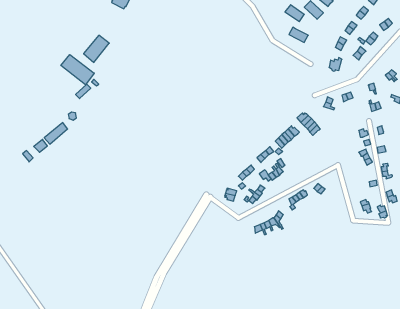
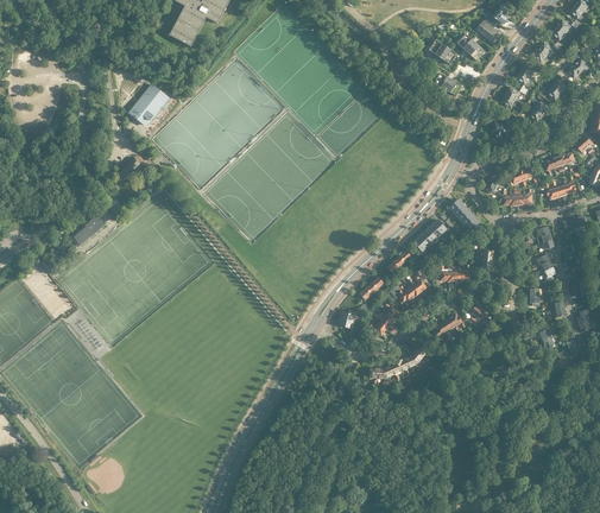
building: [61,55,94,85] -> none

